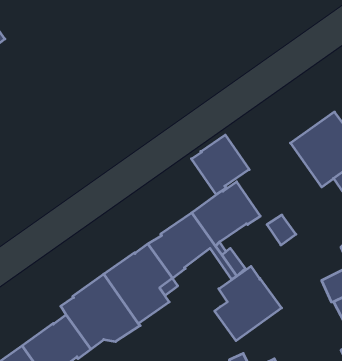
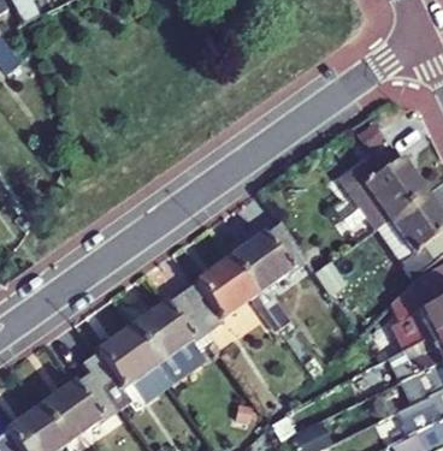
building: [191,135,249,195] -> none
building: [215,266,282,341] -> none

